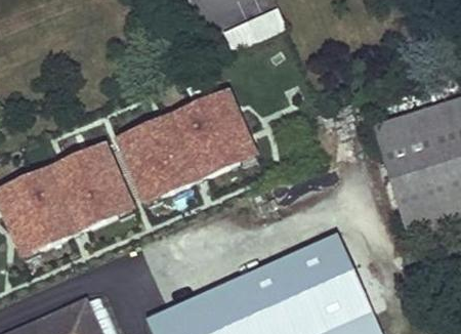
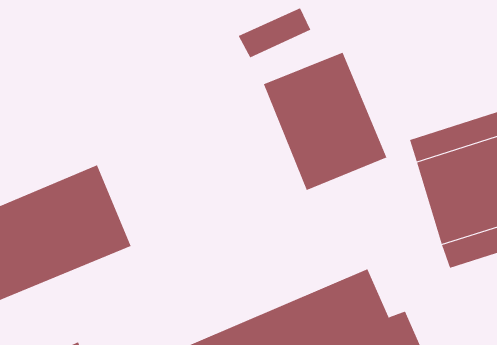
building: none -> [263,52,387,191]
building: [108,90,255,209] -> none

